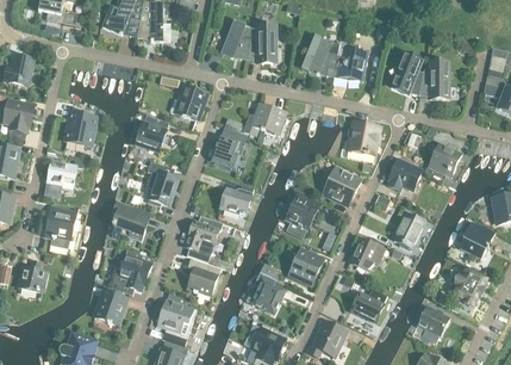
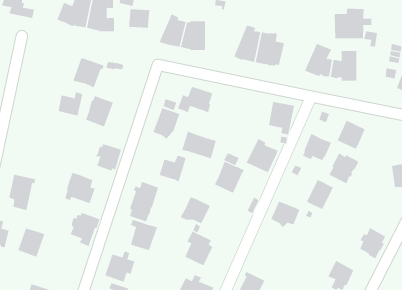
building: none -> [334,8,372,39]
building: none -> [129,9,150,28]
building: [172,85,208,120] -> [73,57,104,88]
building: [66,117,95,146] -> [58,92,83,116]
building: none -> [181,131,217,159]
building: [45,161,76,191] -> none
building: [459,221,494,258] -> [328,152,359,184]
building: [287,249,323,282] -> [180,197,211,224]
building: [94,290,126,324] -> [17,228,45,257]
building: [351,292,382,322] -> none

